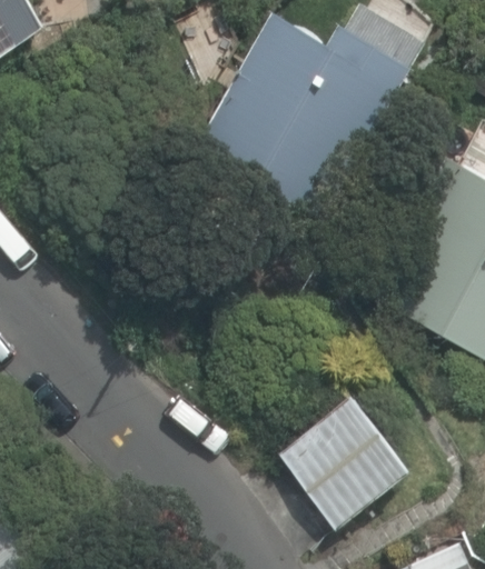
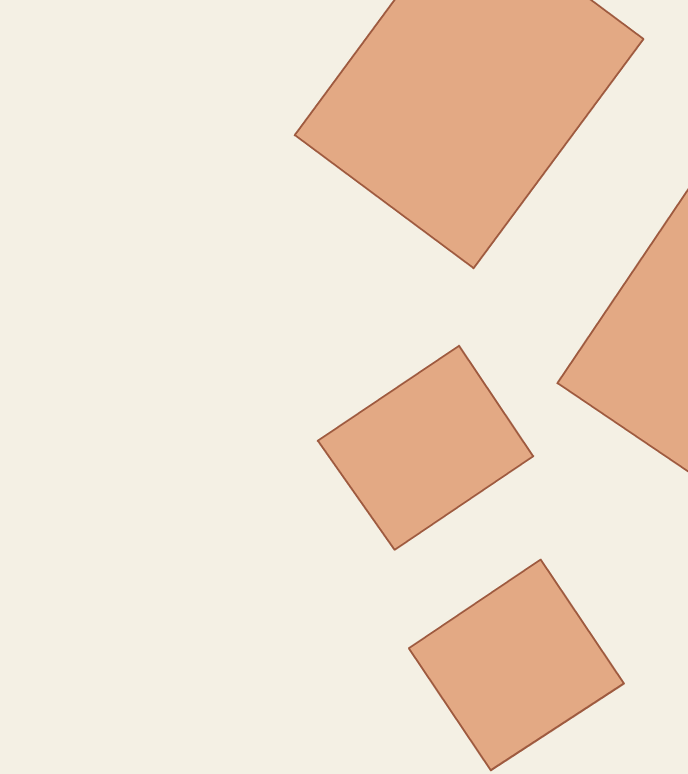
building: none -> [318,346,533,550]

